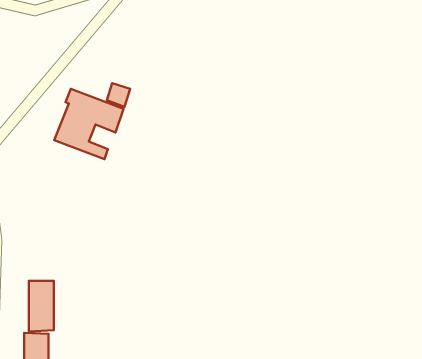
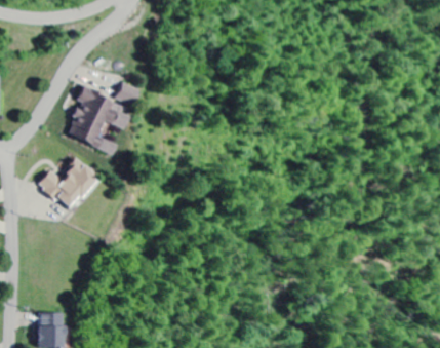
building: none -> [38,159,97,210]
building: [29,281,54,332] -> none

